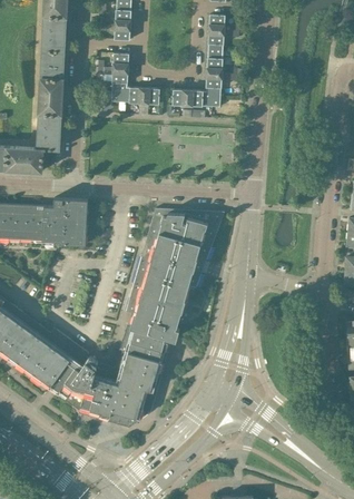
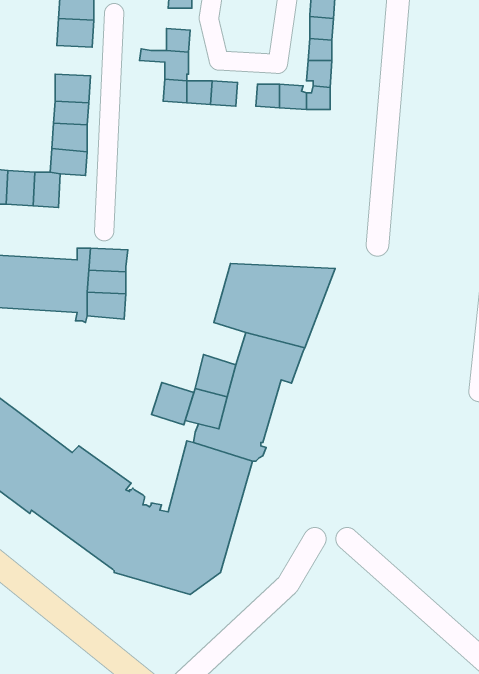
building: [40,63,65,84] -> none
building: [138,246,166,274] -> [152,382,194,425]

